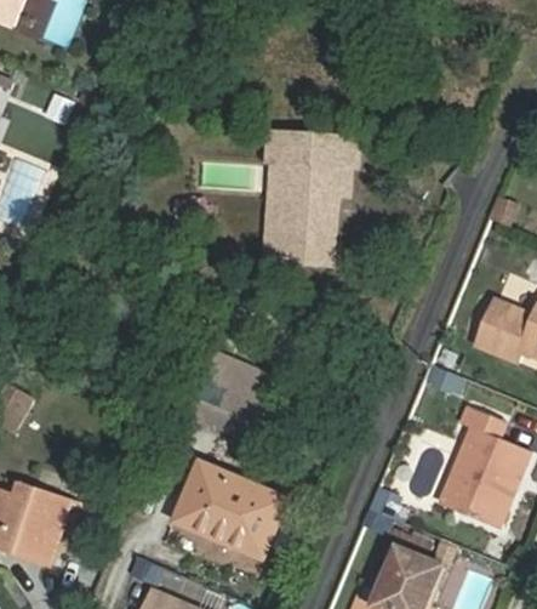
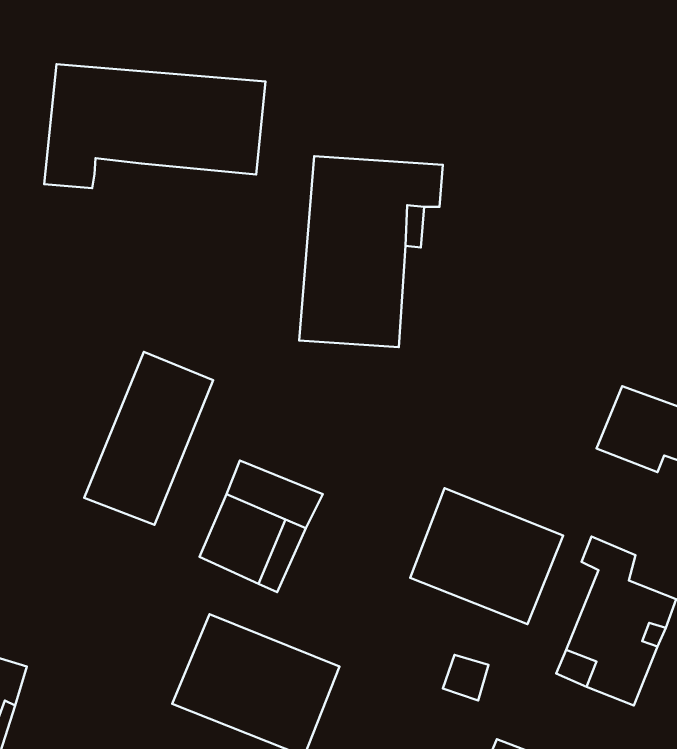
building: none -> [44,64,266,188]
building: none -> [84,352,213,525]
building: none -> [410,488,563,624]

